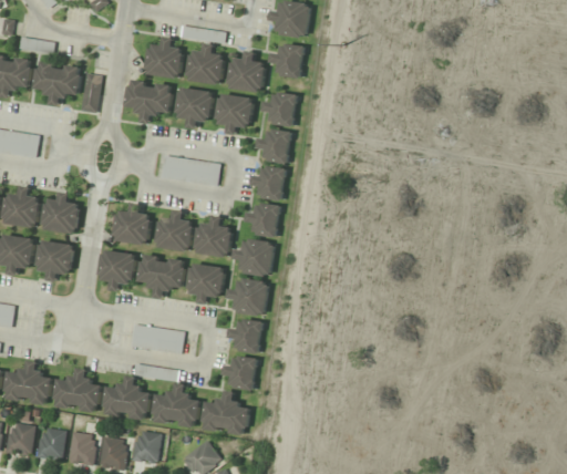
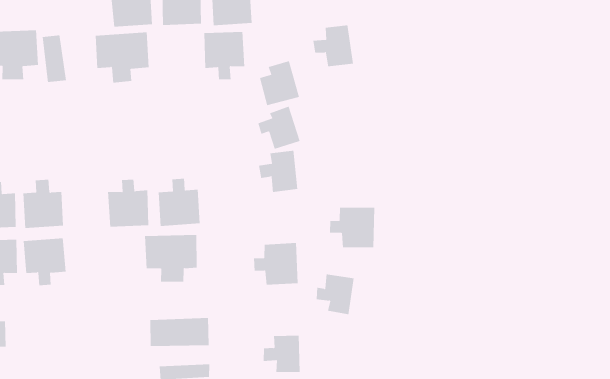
building: [175,87,213,128] -> none
building: [262,92,295,126] -> [312,25,354,67]
building: [159,156,219,186] -> none
building: [195,216,230,257] -> none
building: [233,238,275,277] -> [329,207,375,248]
building: [99,251,134,290] -> none
building: [187,264,224,303] -> none
building: [228,317,264,354] -> [316,274,355,315]

